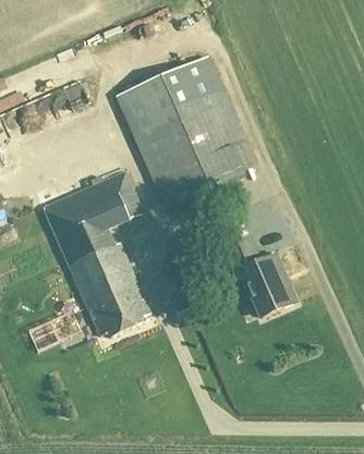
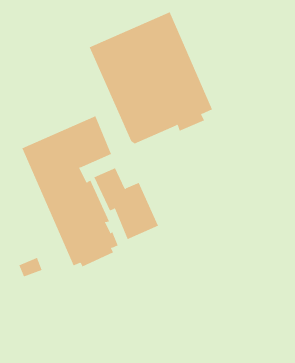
building: [223,235,295,315] -> [94,167,159,240]

